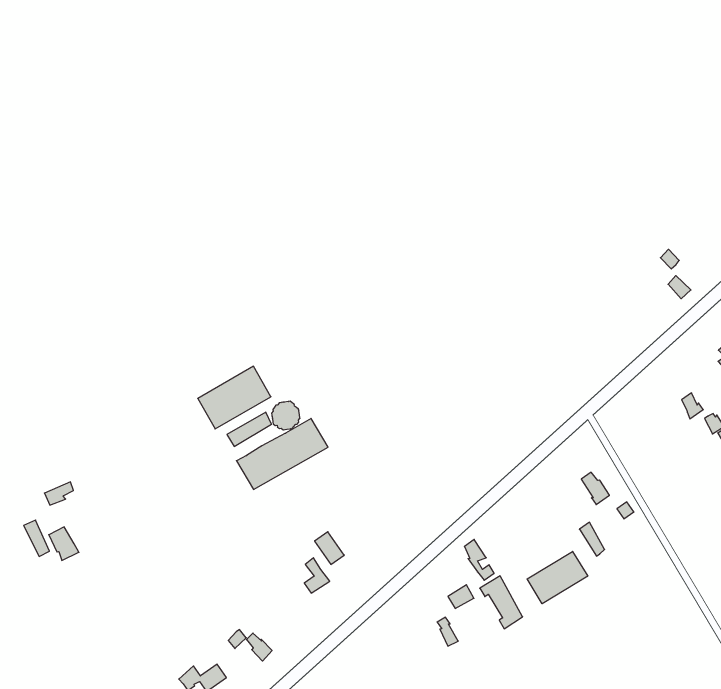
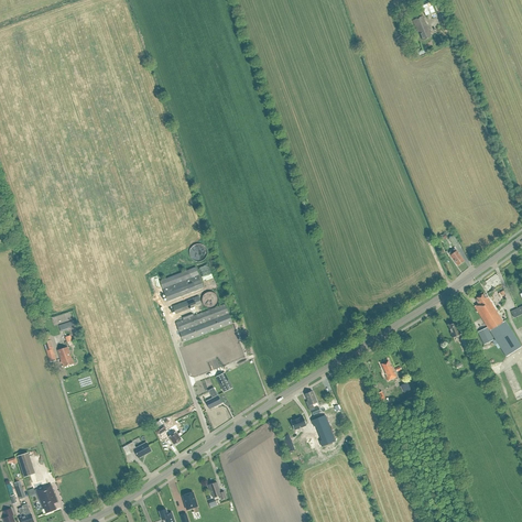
building: [527,551,588,604] -> none

